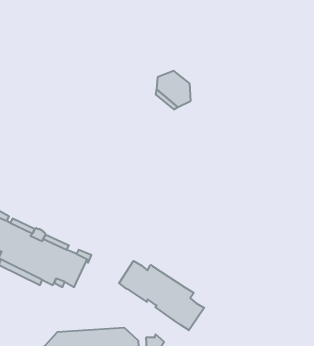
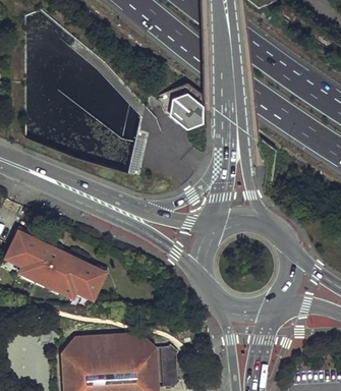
building: [119,261,204,330] -> none

